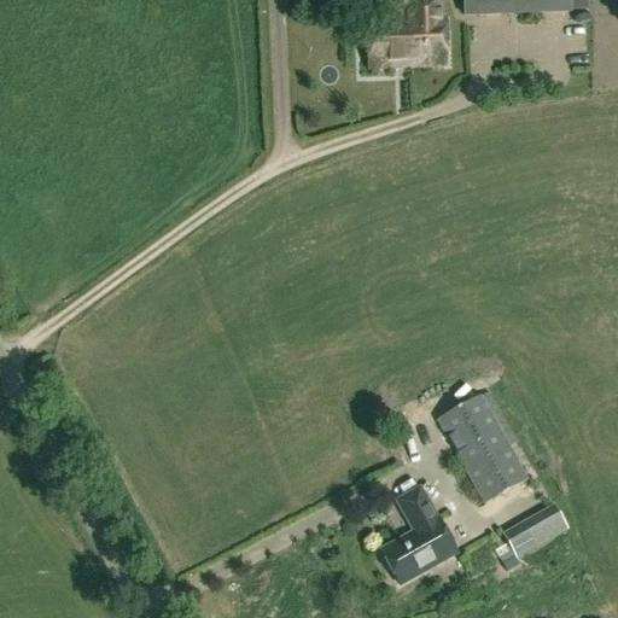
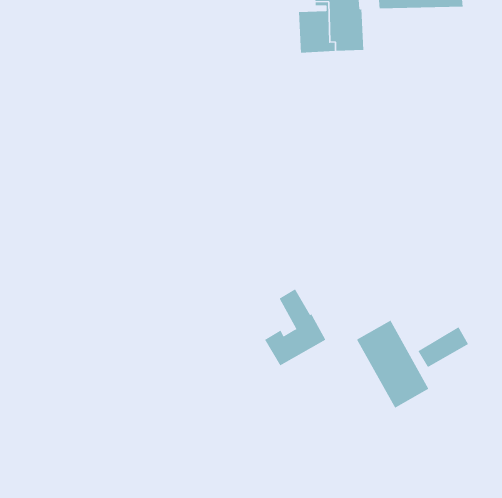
building: [381,486,457,582] -> [264,289,326,366]
building: [505,502,567,553] -> [418,327,469,368]

